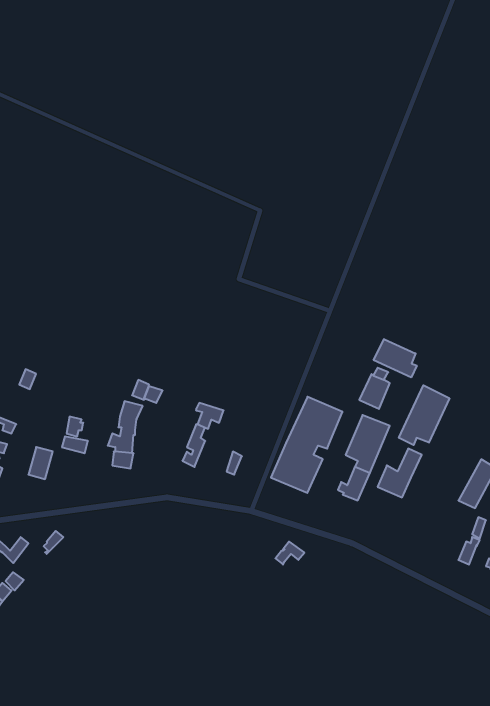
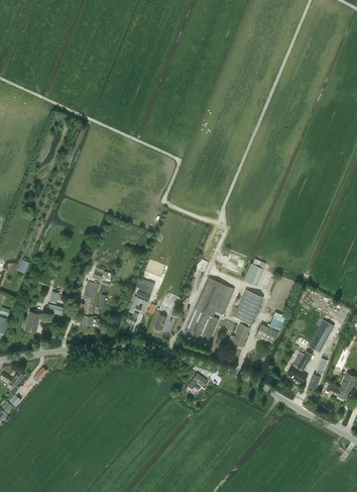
building: [374,339,417,377] -> none
building: [399,385,449,445] -> none
building: none -> [287,351,313,384]

